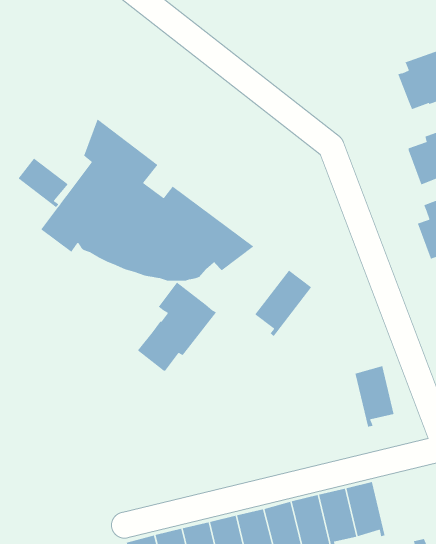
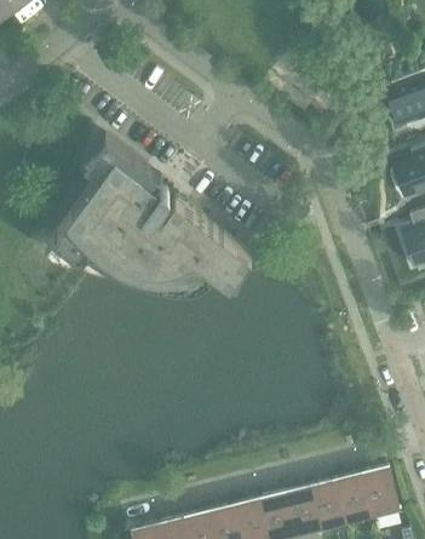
building: [18,157,69,208] -> none
building: [254,269,312,337] -> none
building: [137,281,217,372] -> none
building: [354,365,395,428] -> [360,466,397,524]

